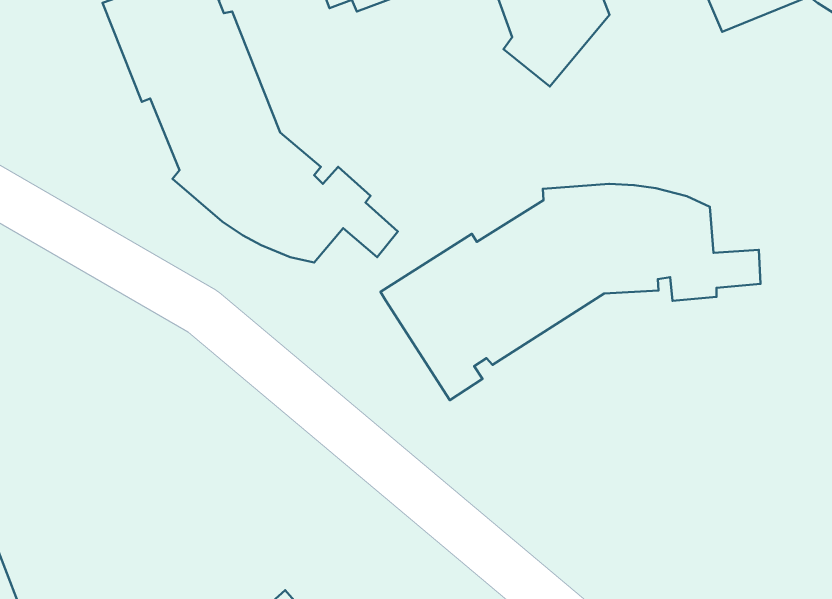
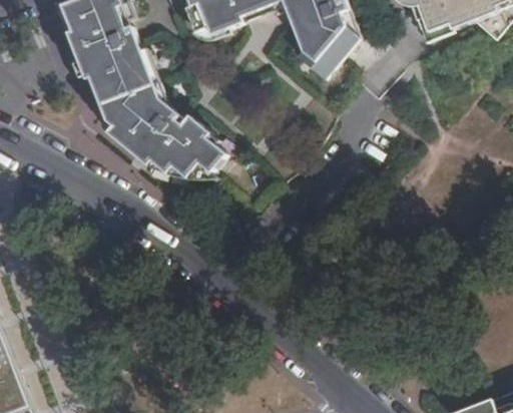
building: [380,184,761,400] -> none

